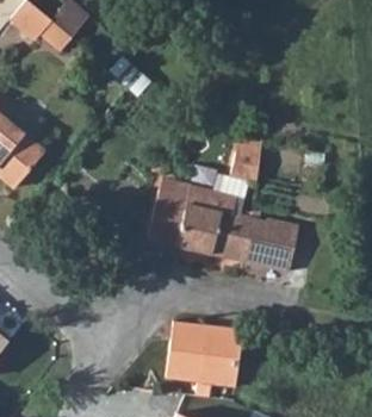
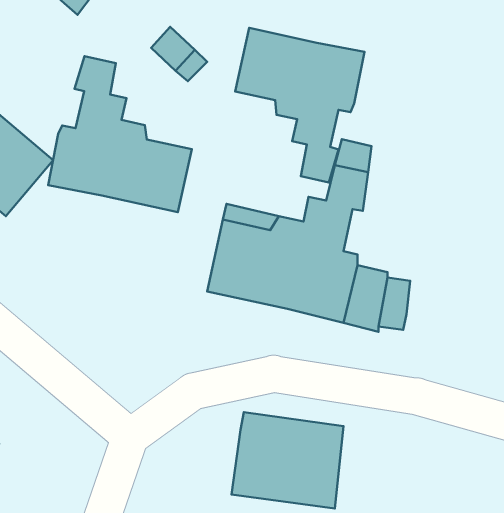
building: none -> [235,28,365,182]
building: none -> [48,56,192,212]

